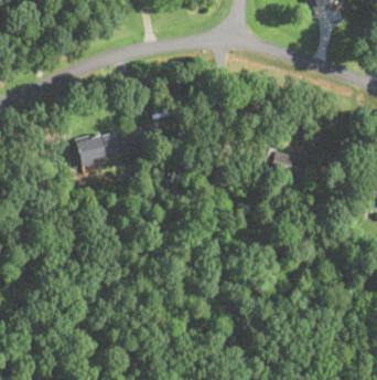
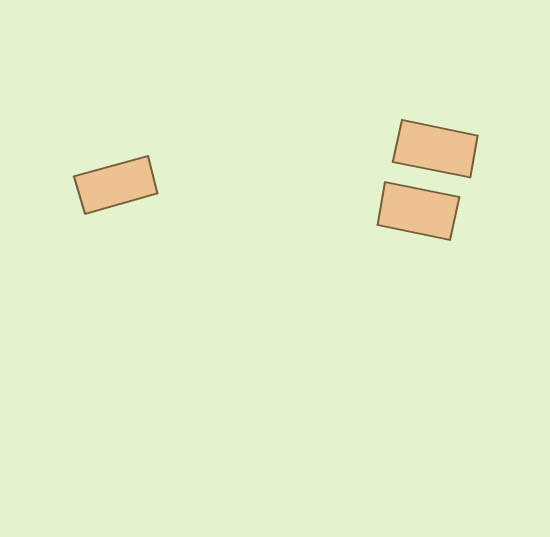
building: none -> [393,120,478,178]

